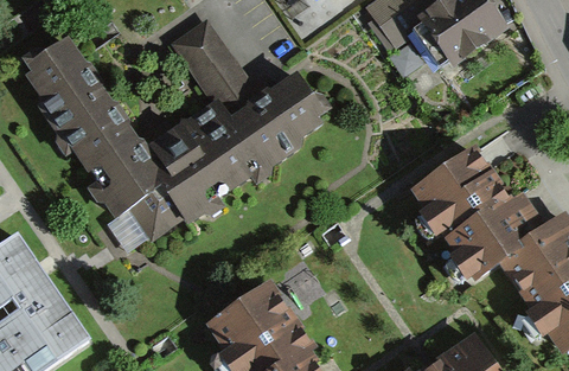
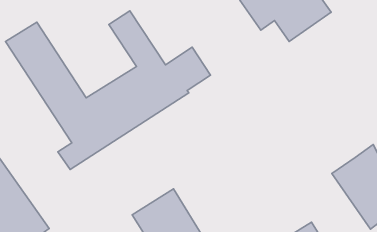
building: [414,148,536,280] -> none

